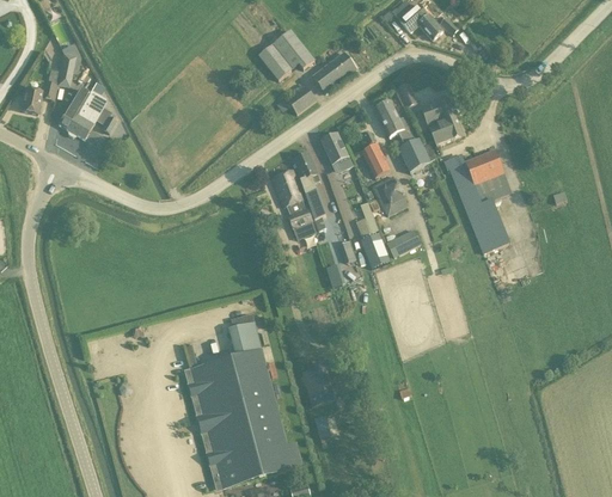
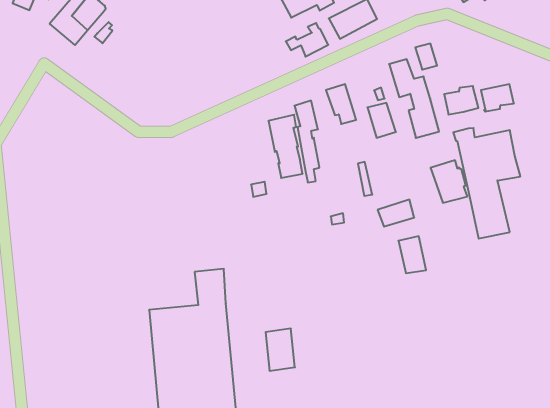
building: [421,98,453,127] -> [481,84,514,112]
building: [369,174,408,215] -> [430,160,467,203]
building: [359,232,388,268] -> [398,236,426,273]

